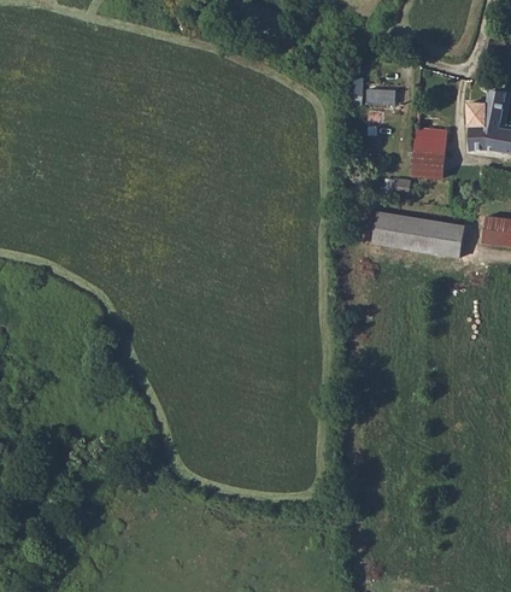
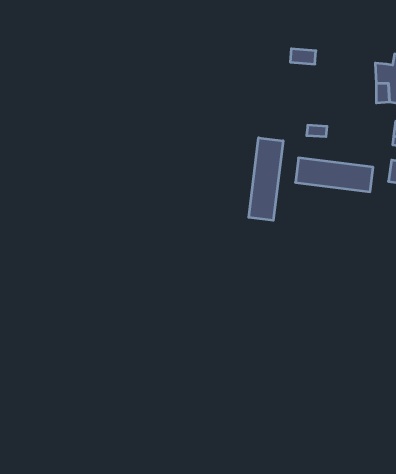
building: [411,128,446,177] -> none
building: none -> [249,138,283,220]

